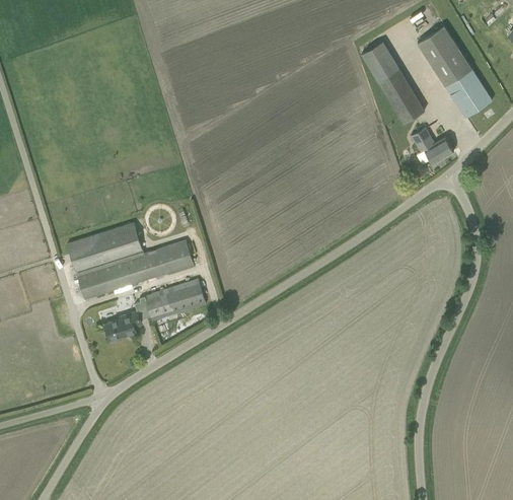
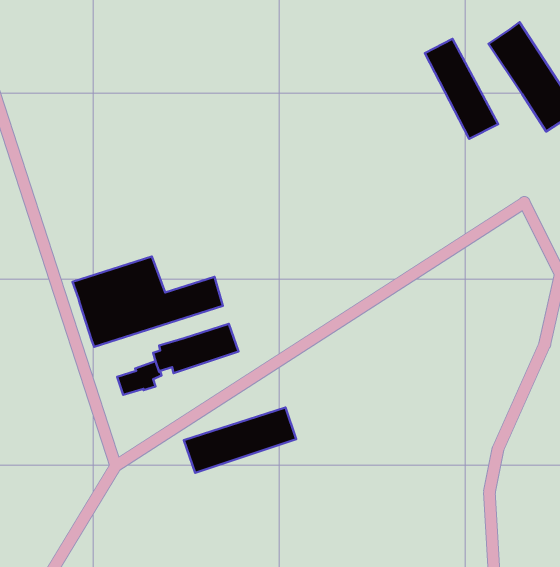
building: [410,127,453,164] -> none
building: none -> [184,408,296,473]

